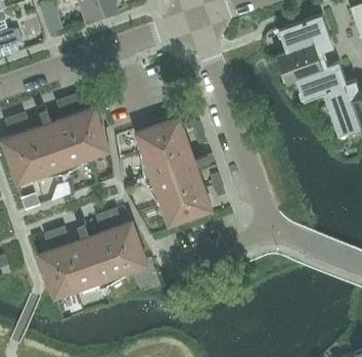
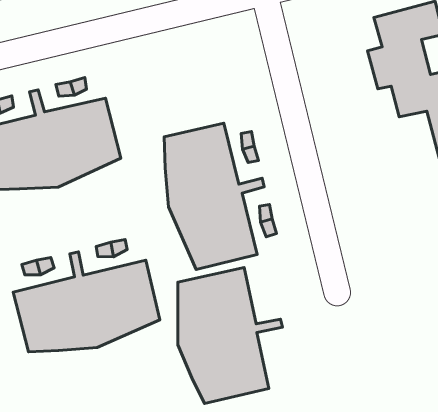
building: none -> [178,268,282,404]

